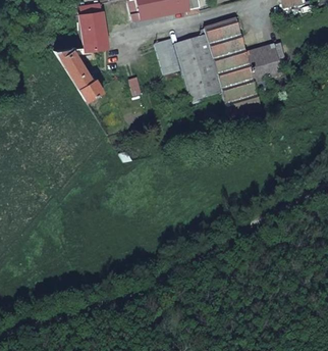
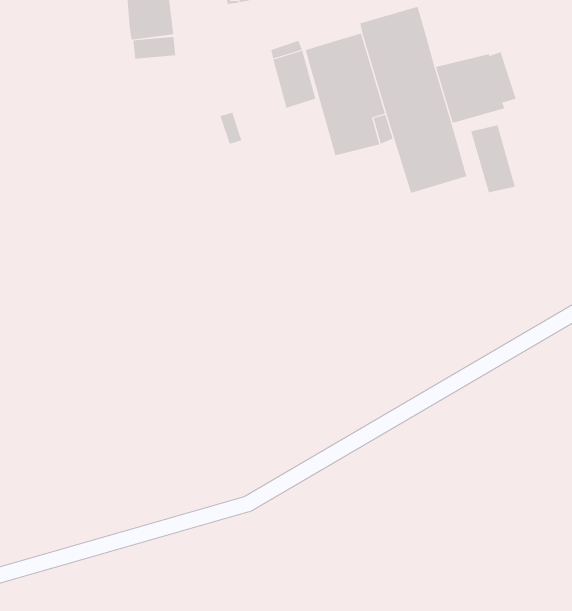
building: [56,49,102,101] -> none
building: none -> [471,125,516,193]

